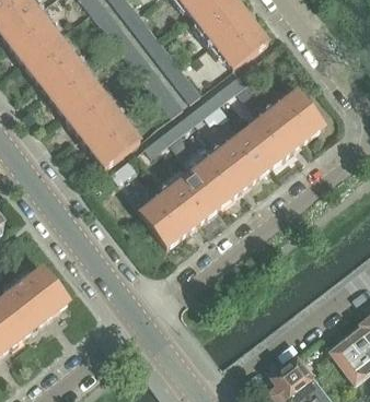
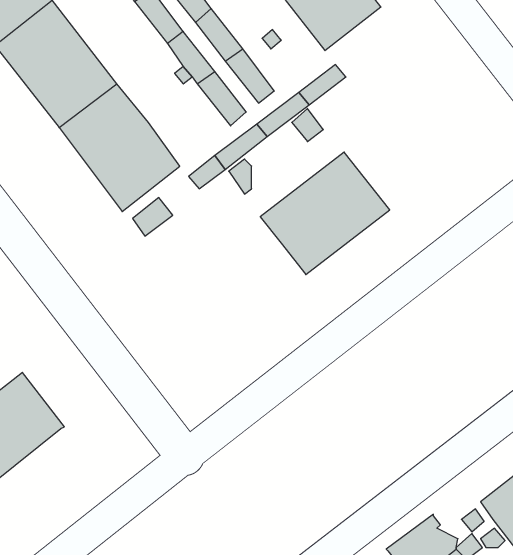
building: [243,91,323,167] -> none
building: [139,172,219,247] -> none

